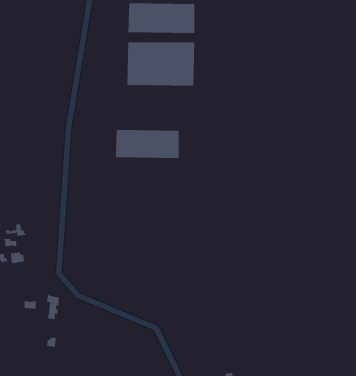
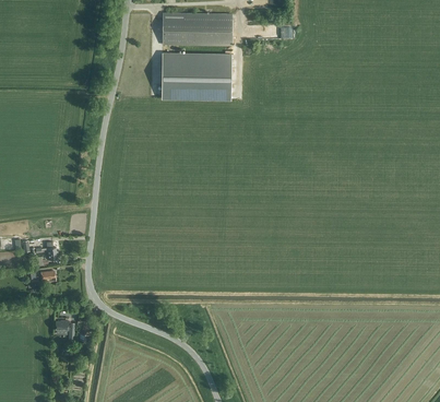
building: [115,129,179,159] -> none

